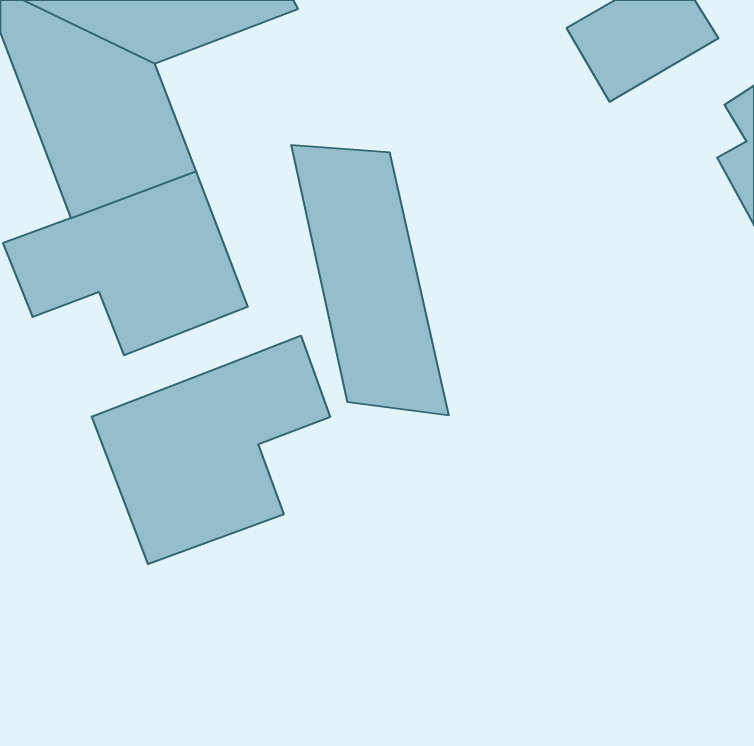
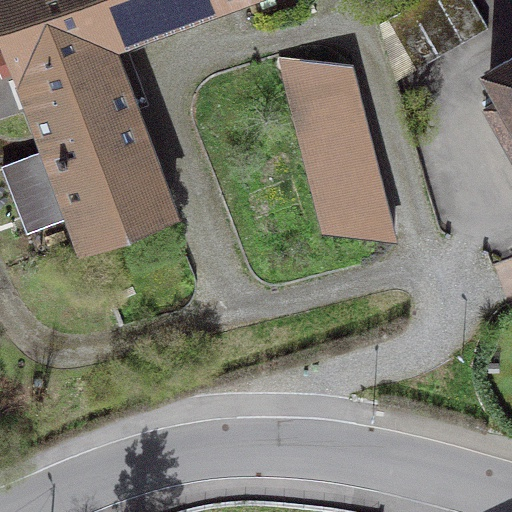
building: [291,145,449,415] -> [284,56,391,239]
building: [92,336,330,564] -> none

